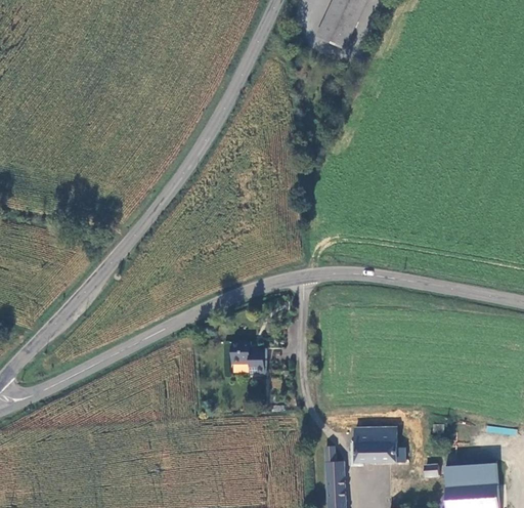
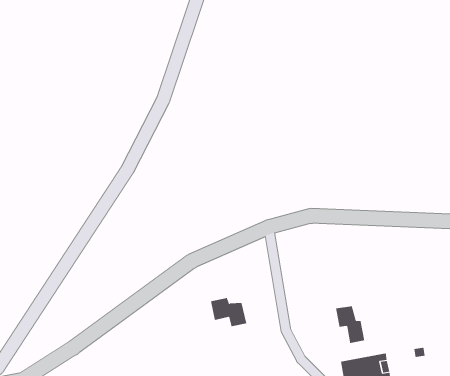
building: none -> [335,306,365,344]

